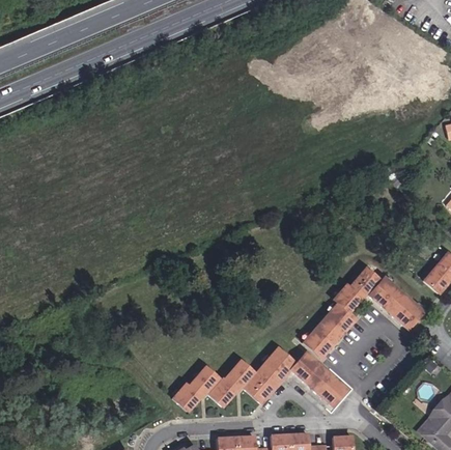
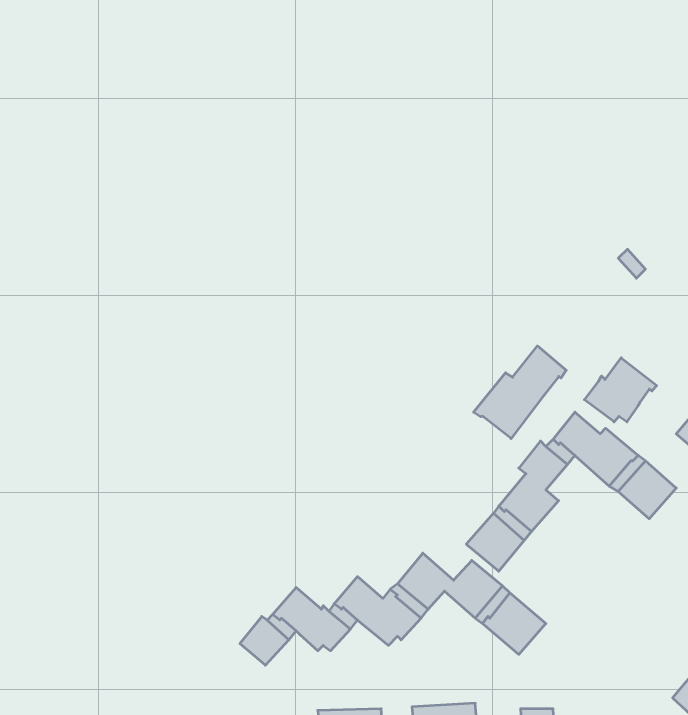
building: none -> [474,346,566,439]
building: none -> [584,358,657,422]

